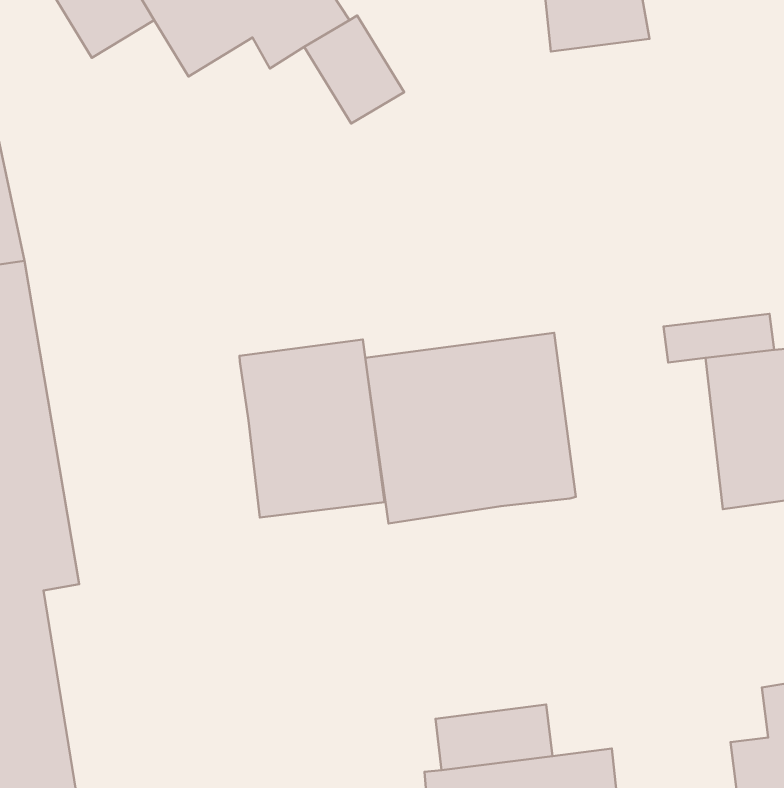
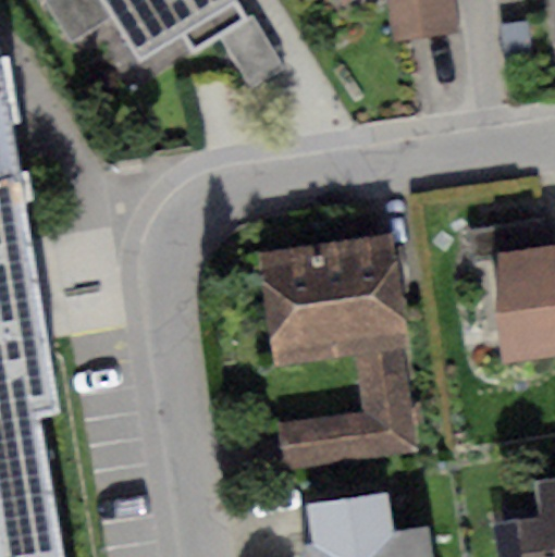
building: [240,340,385,518] -> none
building: none -> [273,350,417,468]

